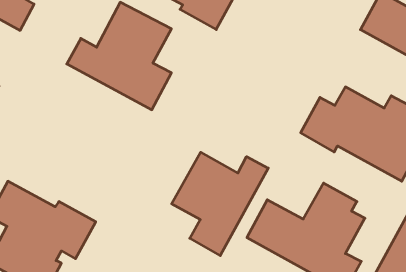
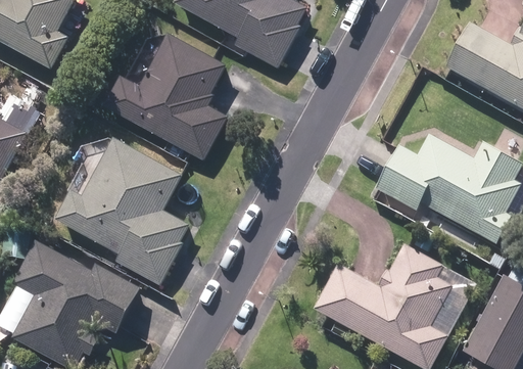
building: none -> [55,140,189,282]
building: [172,152,268,256] -> none

